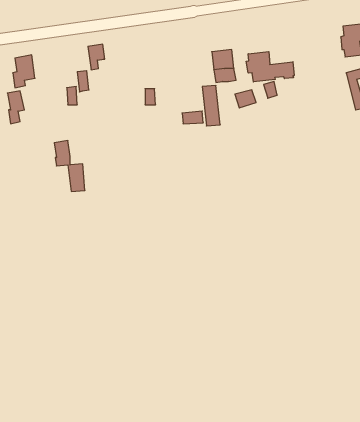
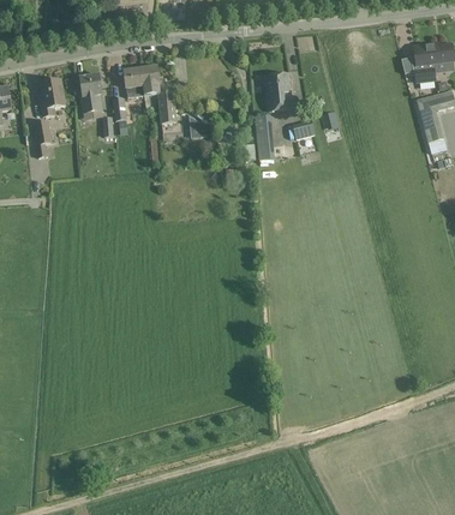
building: none -> [79,73,103,113]
building: [246,52,294,82] -> none
building: [54,141,85,191] -> [142,65,176,122]

